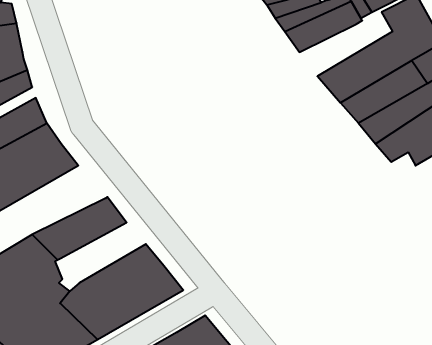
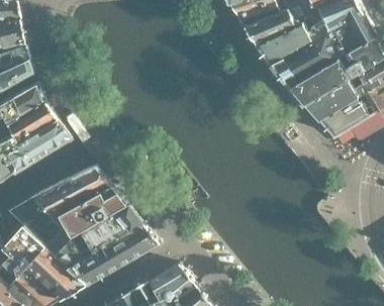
building: none -> [257,12,334,66]
building: none -> [57,187,128,238]

